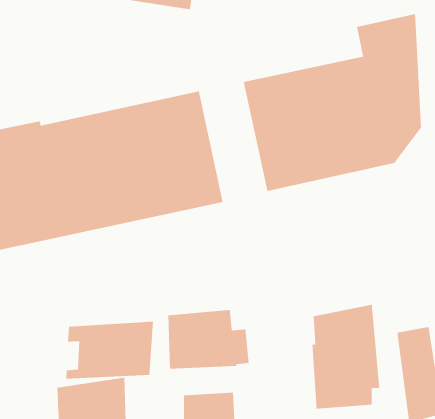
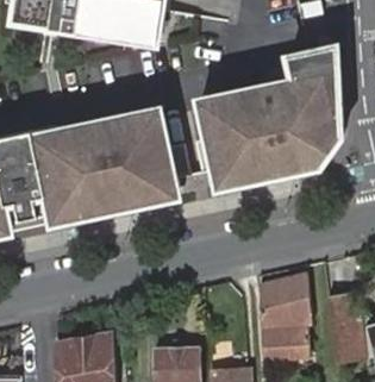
building: [167,309,249,369] -> none
building: [66,321,154,379] -> none

